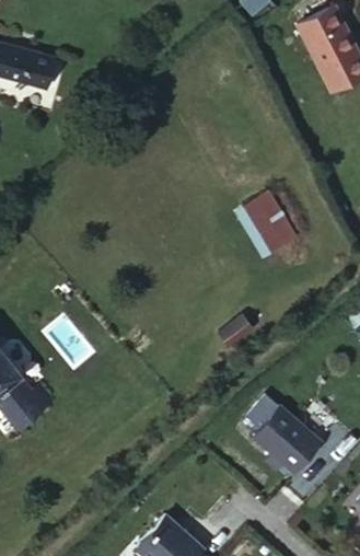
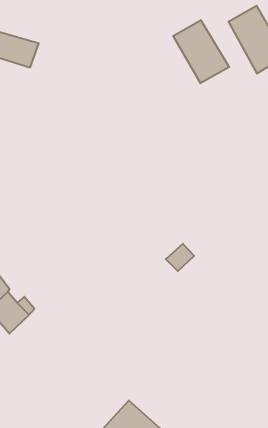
building: none -> [173,20,229,83]
building: [247,195,298,254] -> none
building: [253,405,323,476] -> none

